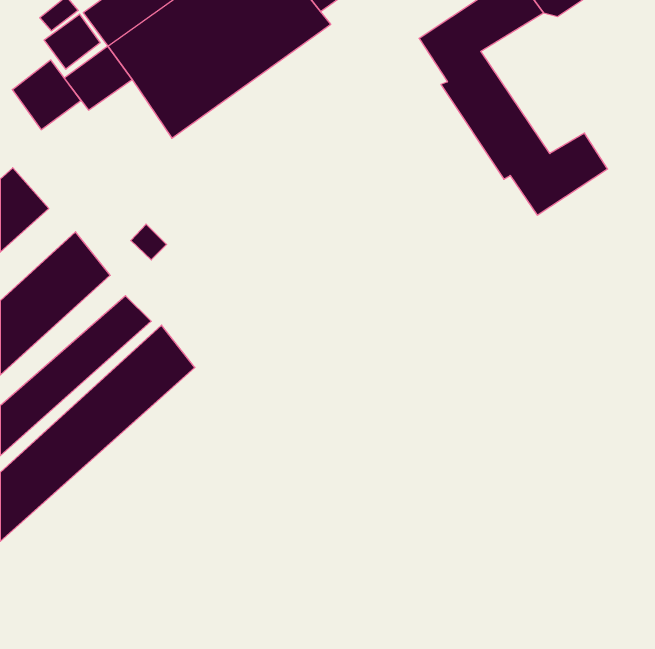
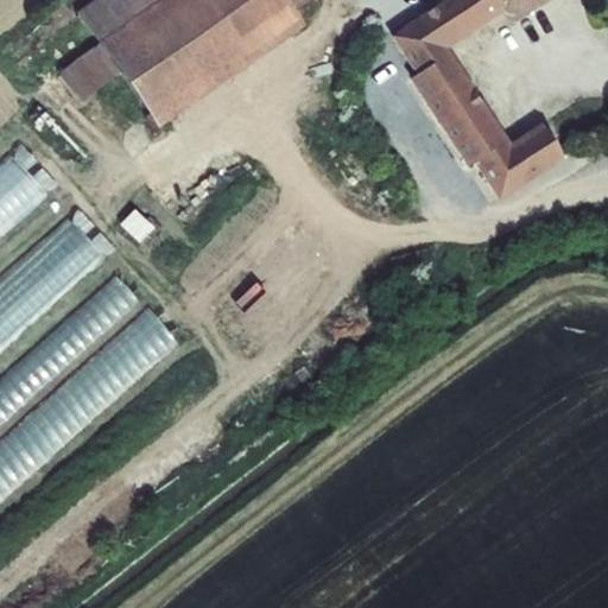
building: [44,14,100,69] -> none
building: [12,60,81,130] -> none

